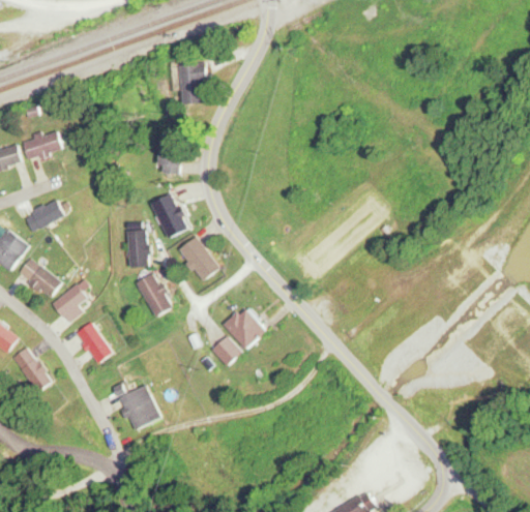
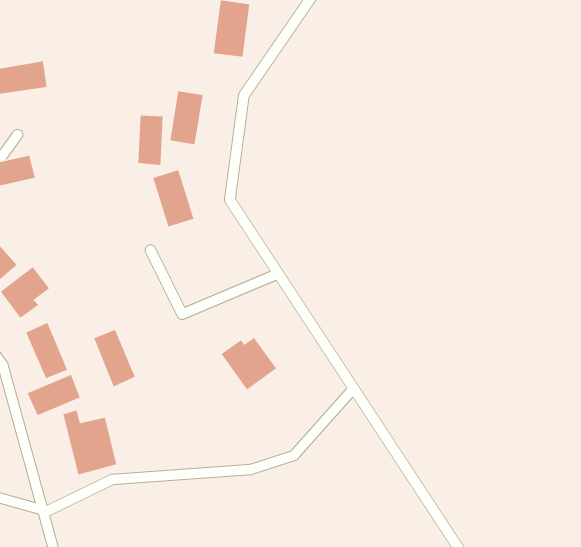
building: [126,230,148,268] -> [138,115,163,166]
building: [178,237,218,281] -> none
building: [137,274,173,318] -> [93,329,136,387]
building: [212,336,242,366] -> none
building: none -> [27,374,81,416]

